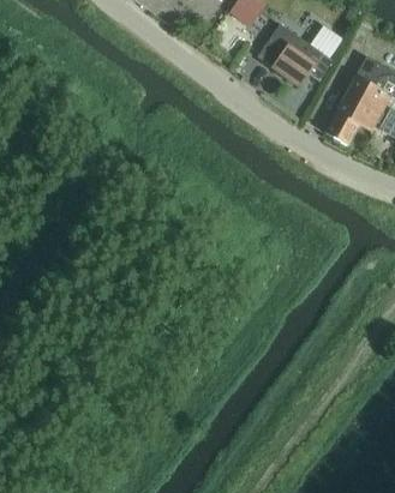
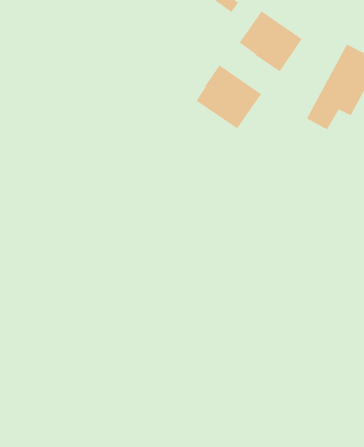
building: none -> [196,65,262,129]

